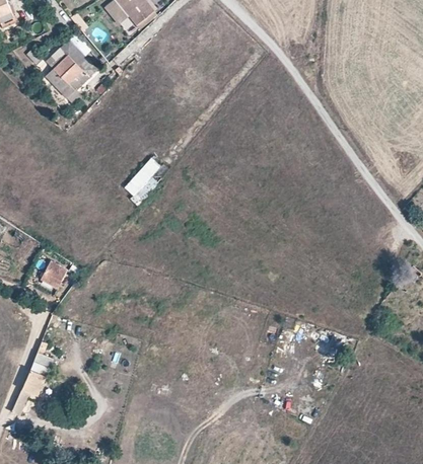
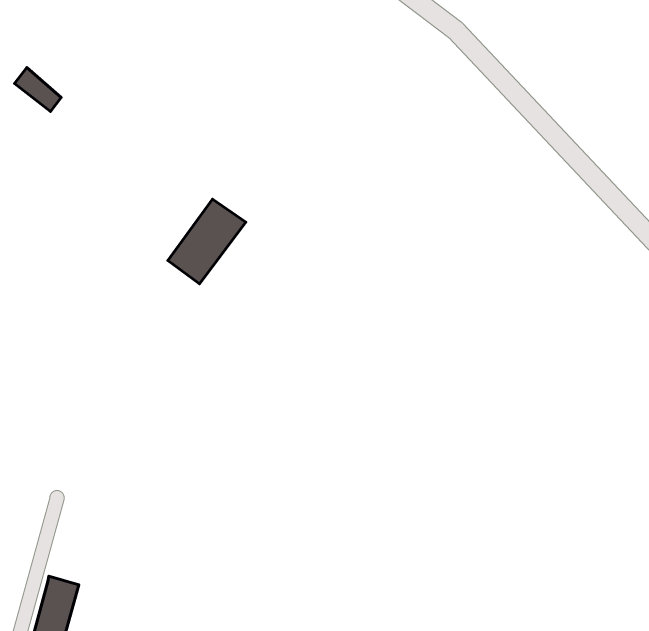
building: [53,53,89,89] -> none
building: [42,261,70,288] -> none

